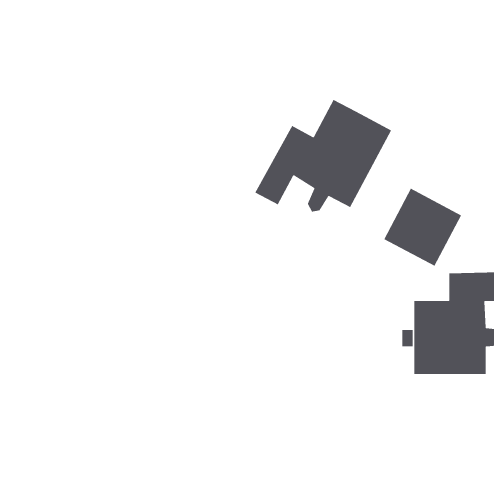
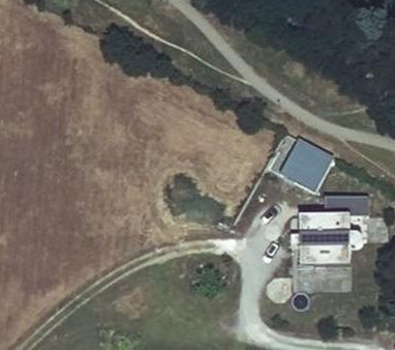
building: [254,99,392,213] -> none

